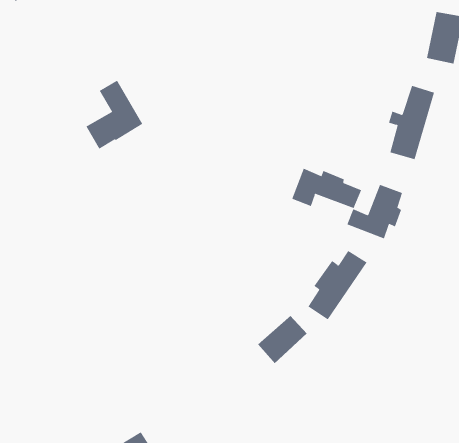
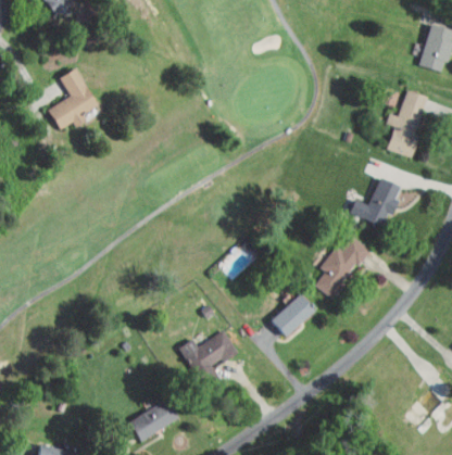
building: [86,80,143,150] -> [48,68,99,130]
building: [291,168,362,209] -> none
building: none -> [180,330,238,390]

